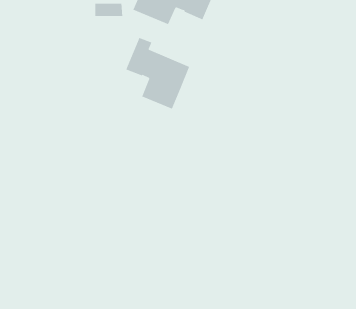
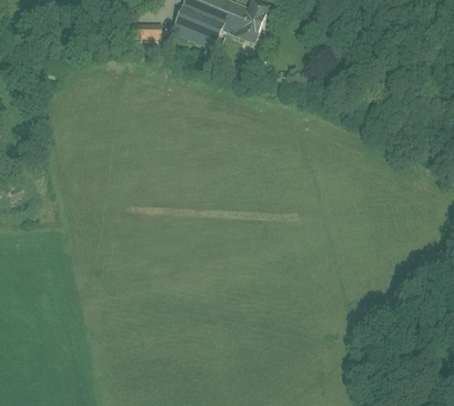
building: [125,37,190,110] -> none

